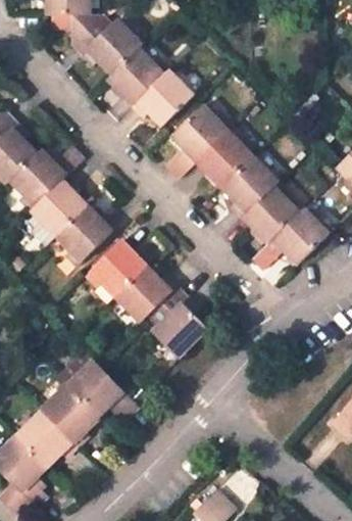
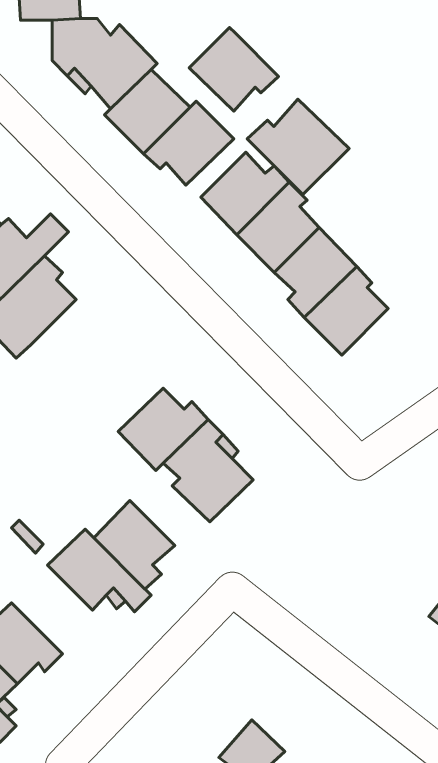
building: none -> [189,27,279,111]
building: none -> [247,99,349,195]
building: [56,205,113,267] -> none
building: [267,207,329,264] -> none
building: [86,240,146,295] -> none
building: [43,386,98,446] -> [94,500,175,589]

